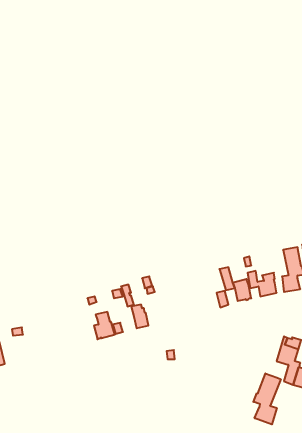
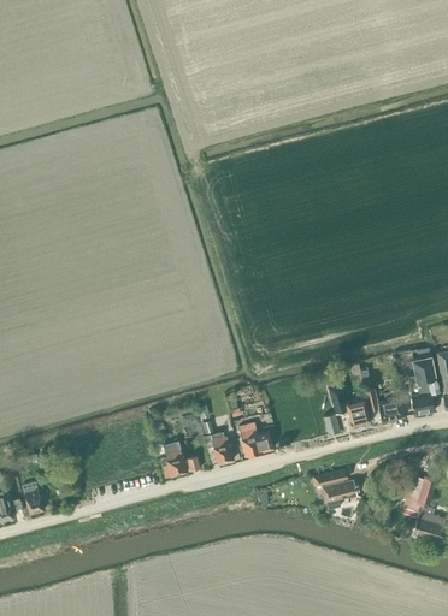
building: none -> [238,420,275,455]
building: none -> [314,468,356,509]
building: [253,373,281,424] -> none

